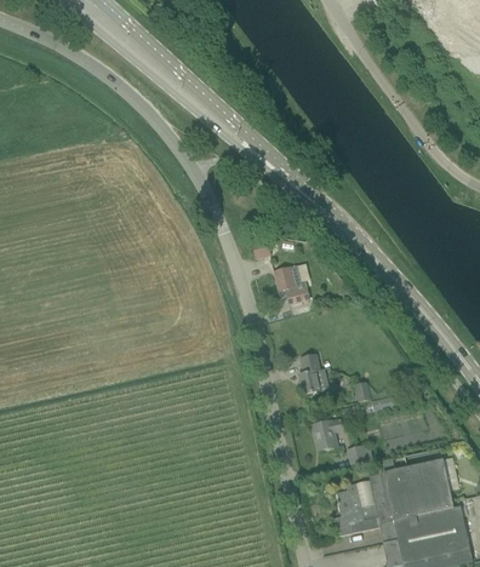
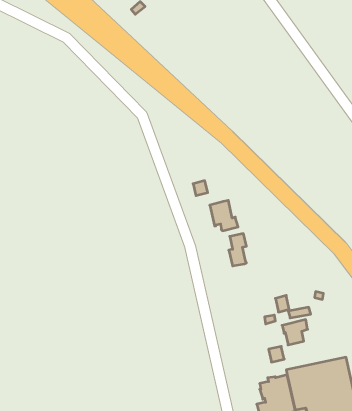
building: [298,354,320,394] -> [229,234,246,266]
building: [312,418,343,449] -> [282,320,308,345]

